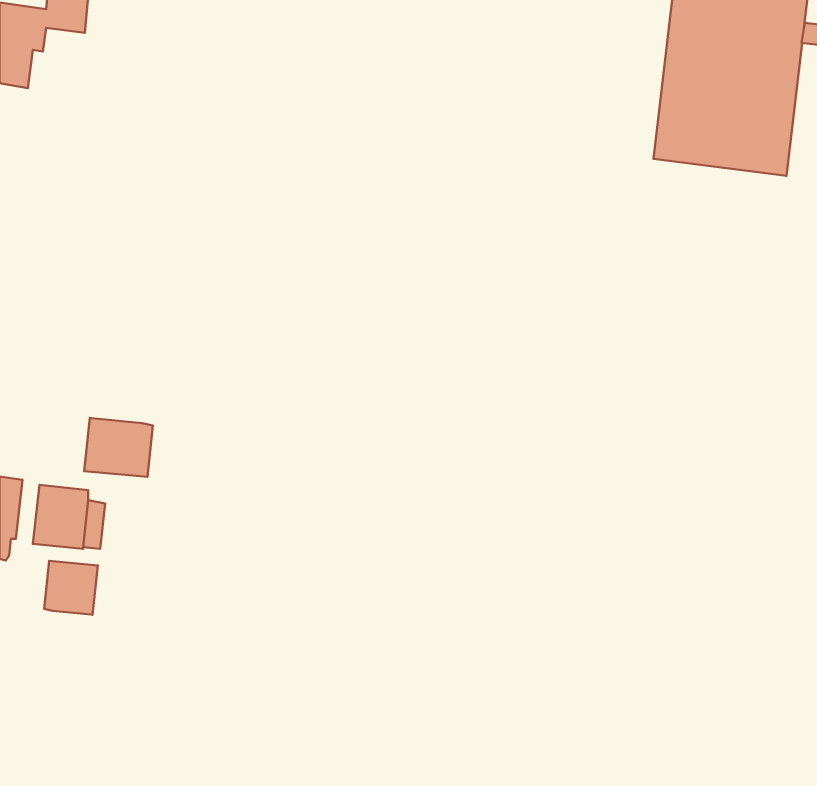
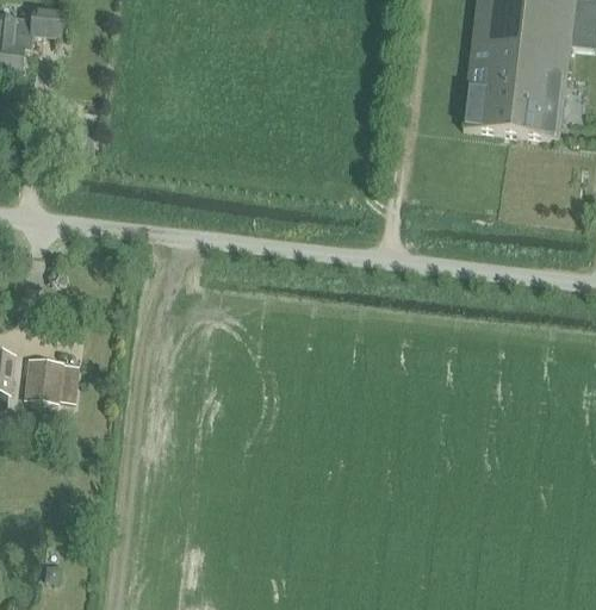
building: [84,418,153,477] -> none
building: [44,561,98,615] -> none

